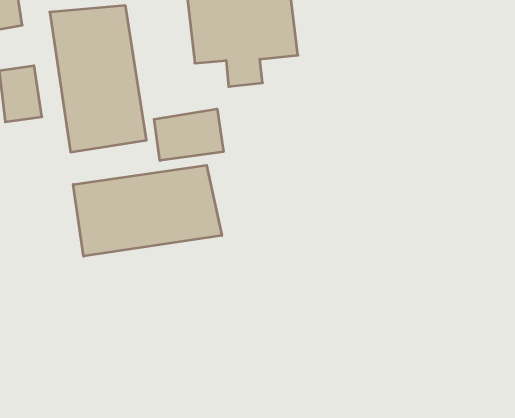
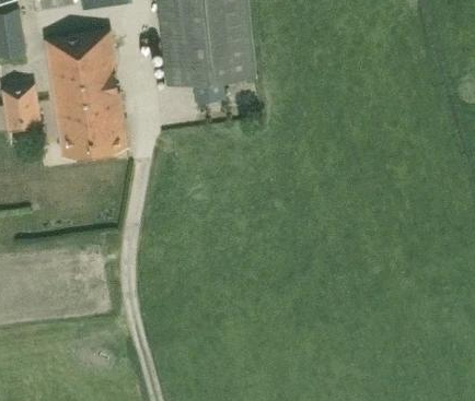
building: [154,109,223,161] -> none
building: [73,165,222,256] -> none

